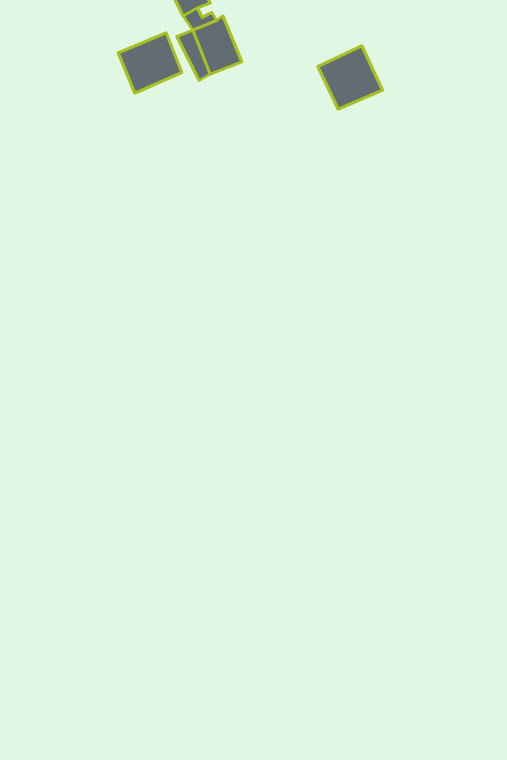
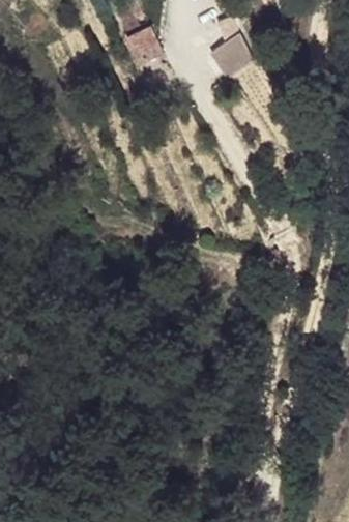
building: [118,33,182,93] -> none

